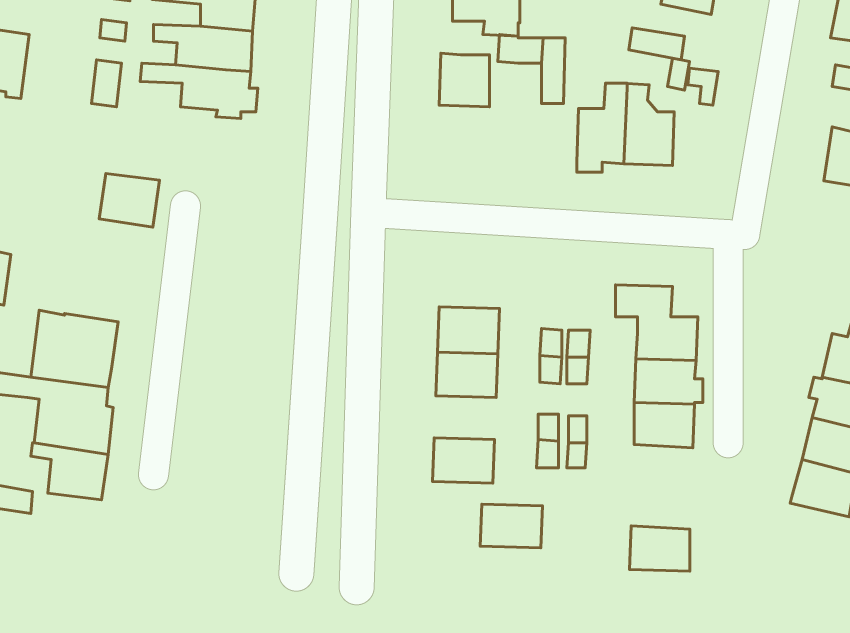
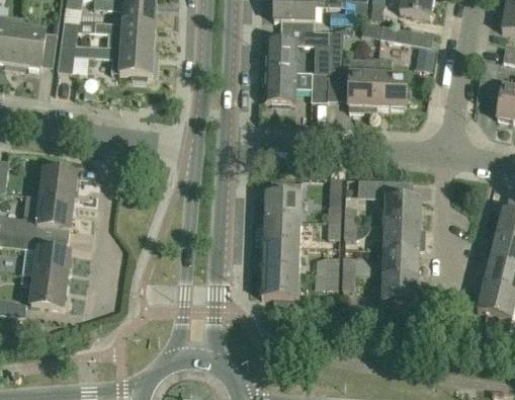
building: none -> [14,28,46,68]
building: none -> [265,71,328,102]
building: [99,173,160,227] -> [40,169,77,202]
building: [480,504,542,548] -> [263,246,301,272]
building: [629,526,690,571] -> [382,275,419,303]

